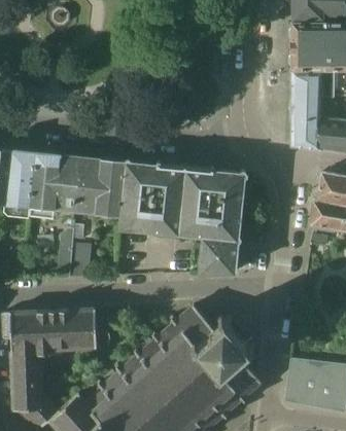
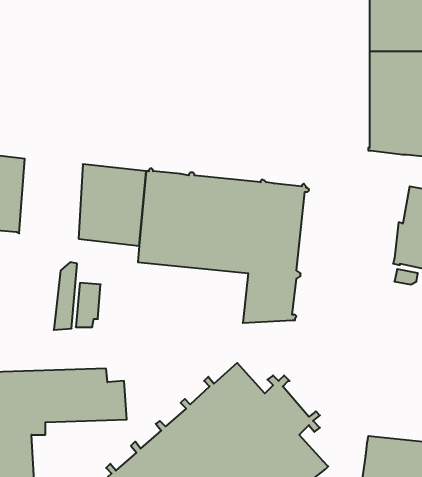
building: [29,152,77,221] -> none

